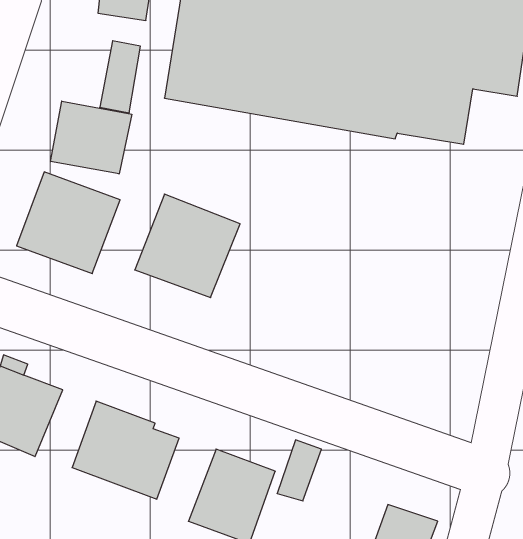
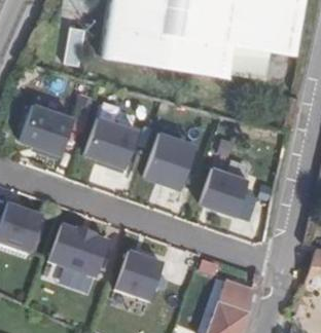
building: [51,101,132,174] -> none
building: none -> [145,127,198,186]
building: none -> [201,168,249,216]

